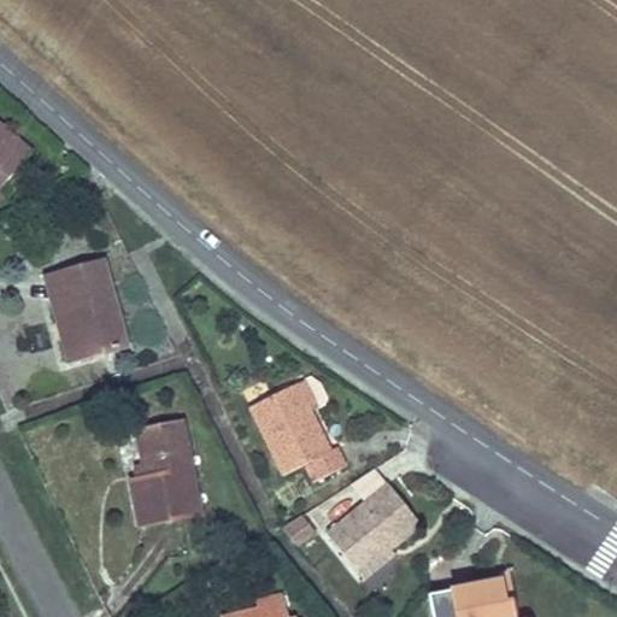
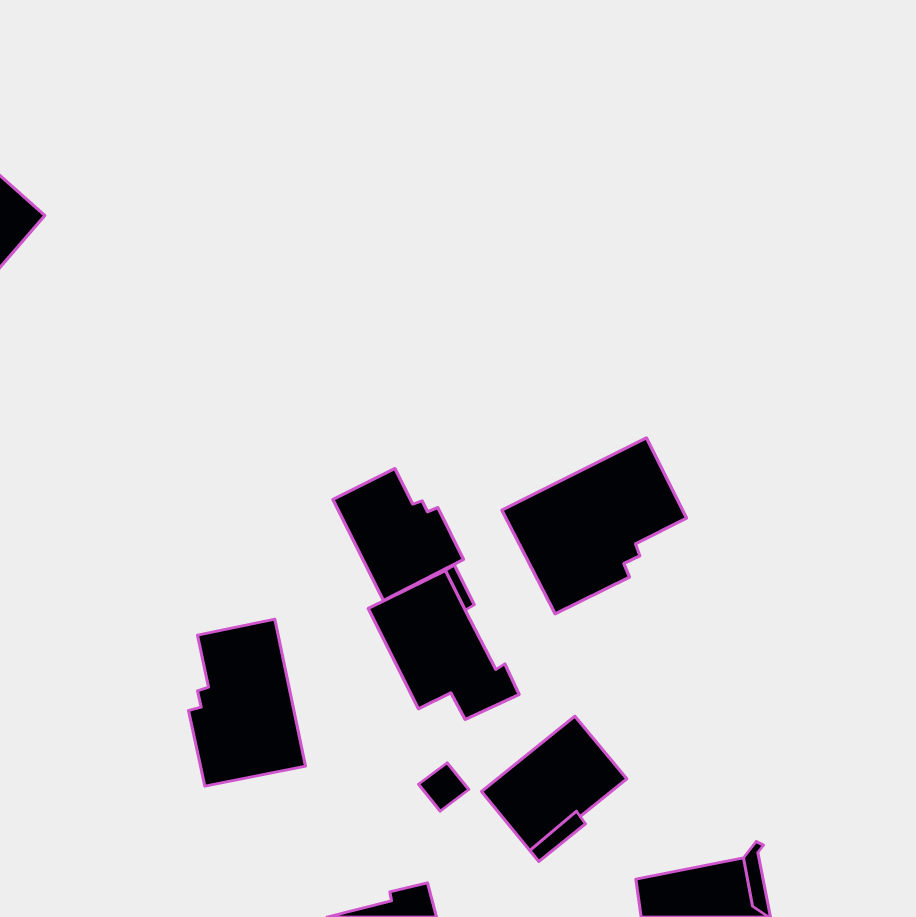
building: [40,259,129,368] -> none
building: none -> [502,438,687,614]
building: none -> [333,469,463,600]

